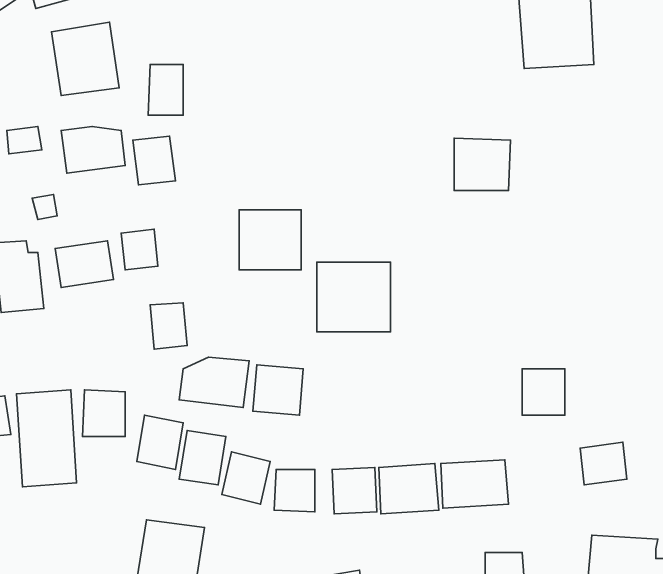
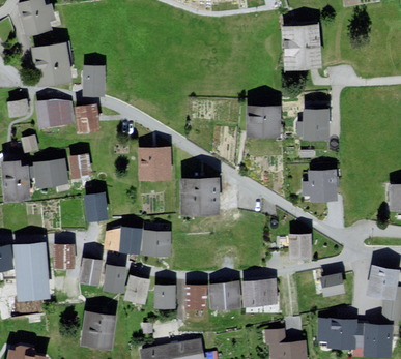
building: none -> [300,108,333,137]
building: none -> [302,170,337,202]

